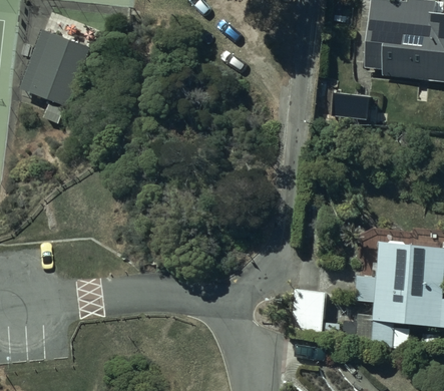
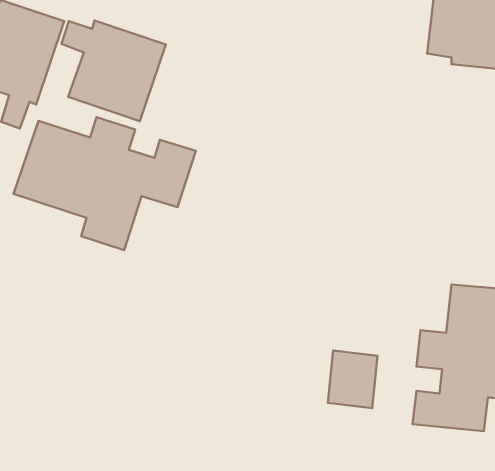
building: none -> [61,20,166,121]
building: none -> [14,117,196,250]

